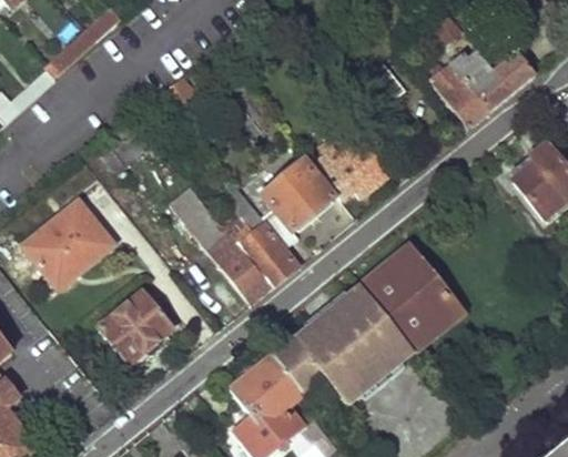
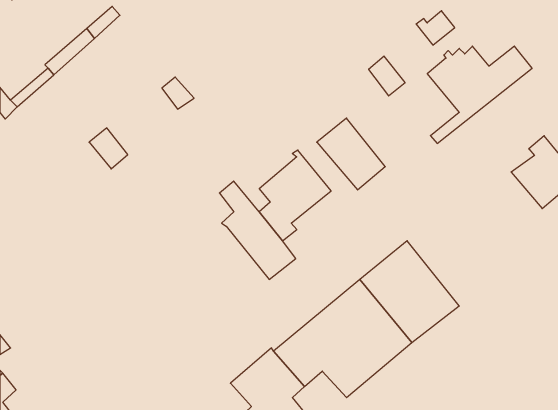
building: [170,192,271,301] -> none
building: [22,202,110,282] -> none
building: [99,293,170,360] -> none

